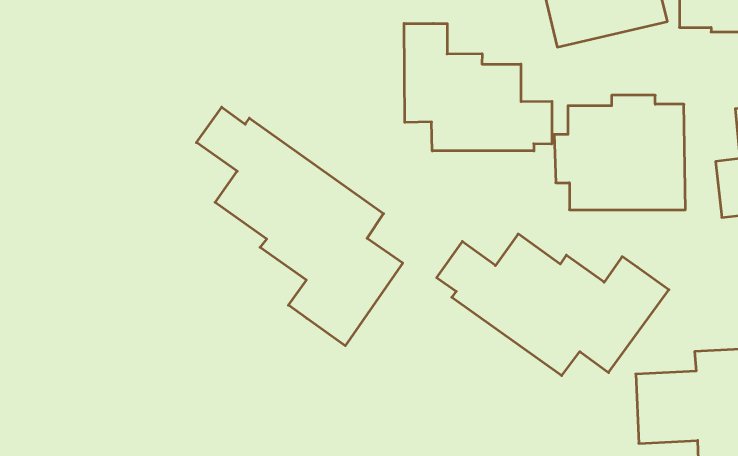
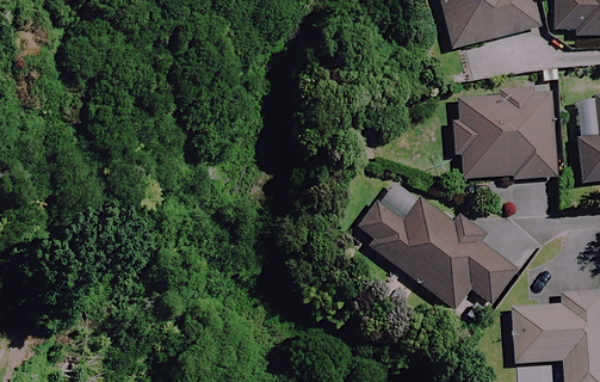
building: [404,23,552,151] -> none
building: [196,107,403,346] -> none

